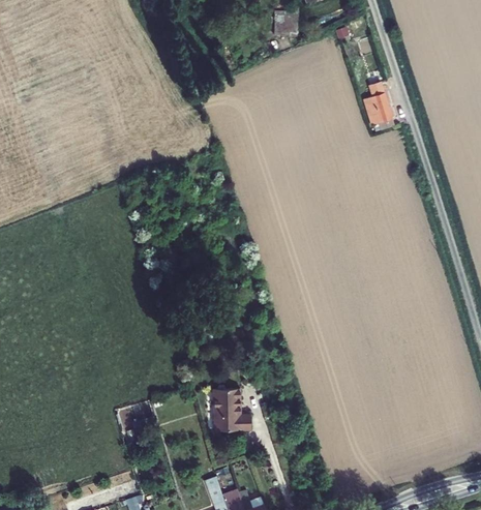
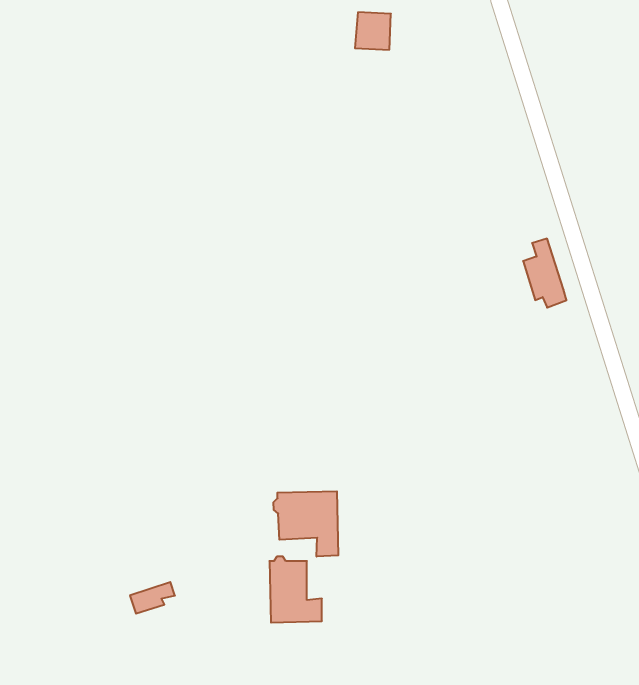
building: [364,84,394,131] -> [523,239,567,308]
building: none -> [273,491,338,557]

